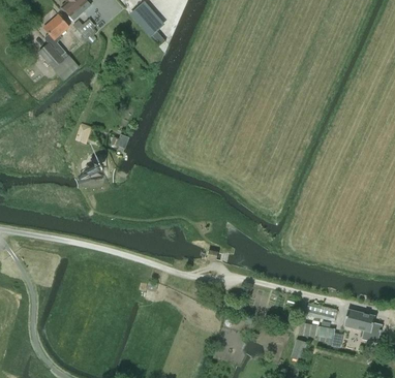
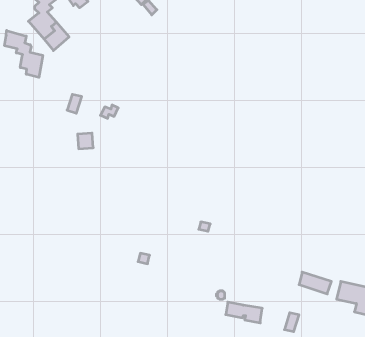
building: none -> [5,30,43,77]
building: [297,322,333,343] -> [226,302,262,323]

